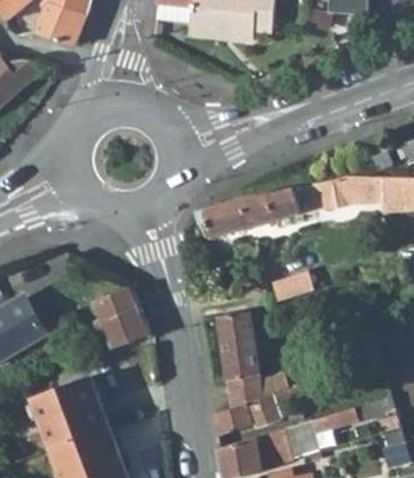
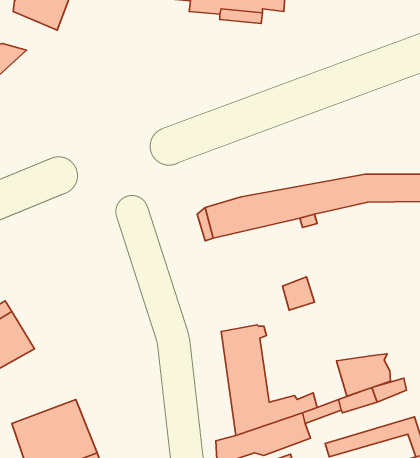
building: [93,288,148,350] -> none
building: none -> [336,354,391,396]

